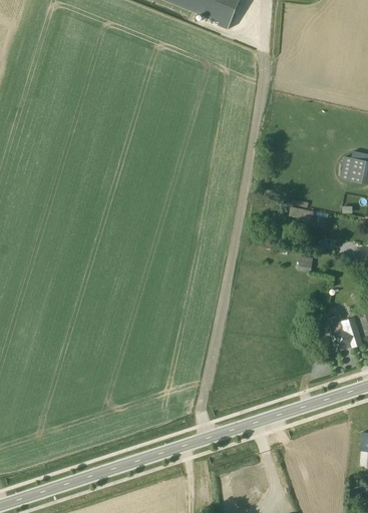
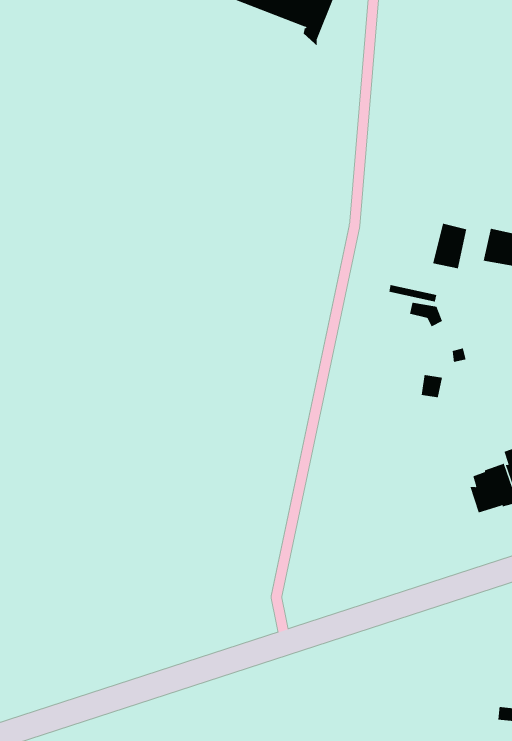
building: none -> [432,223,467,269]

